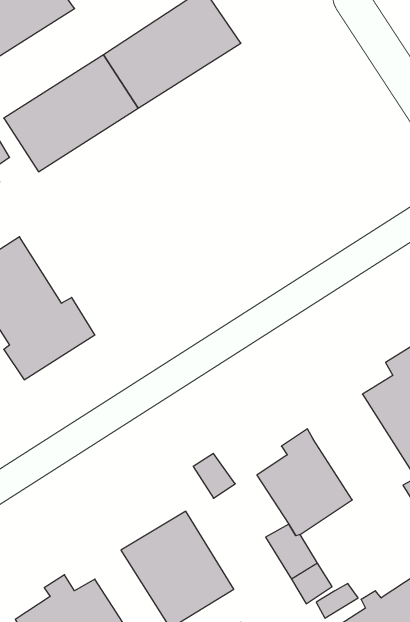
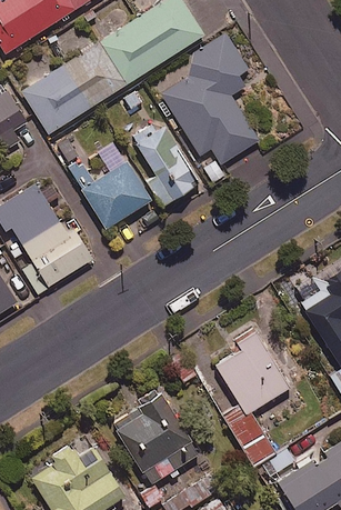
building: none -> [153,33,259,181]
building: none -> [131,124,199,206]
building: none -> [68,159,151,229]

